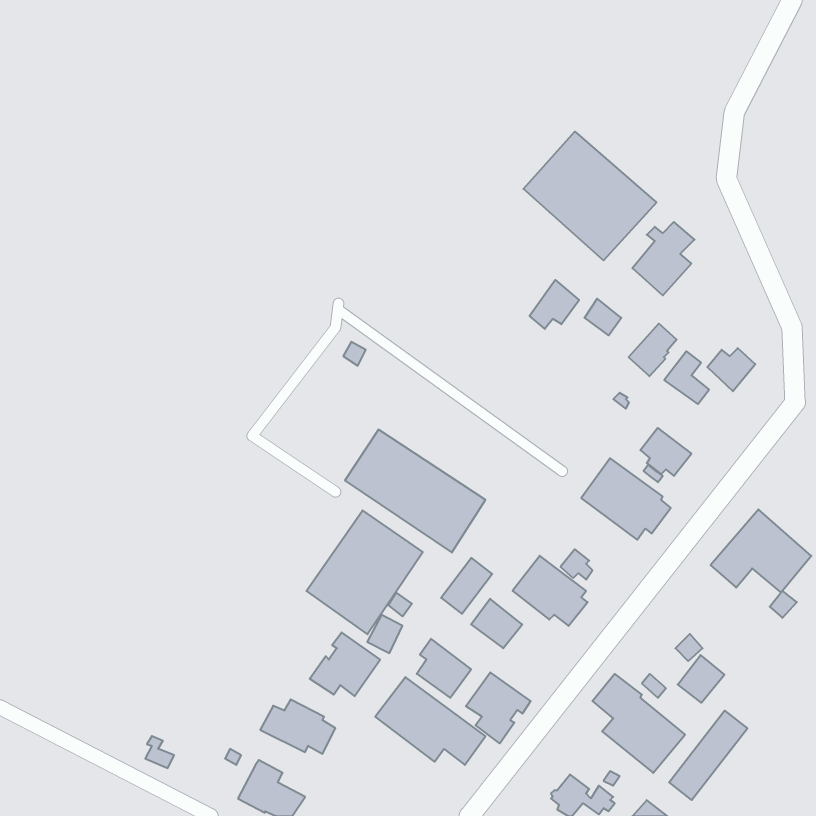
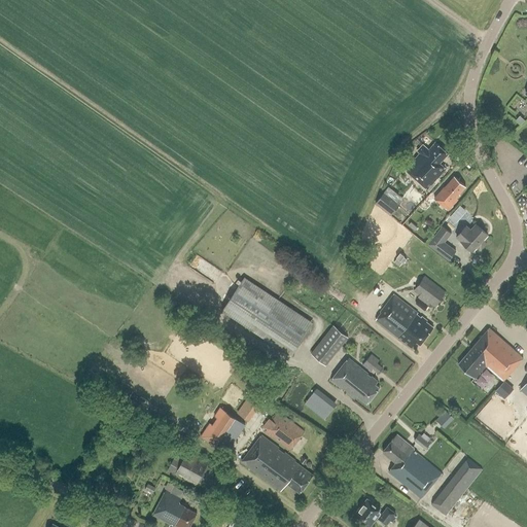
building: [523,132,656,260] -> none
building: [530,280,579,329] -> none
building: [629,324,677,376] -> [434,177,465,211]
building: [306,510,423,634] -> none
building: [441,558,492,614] -> [313,328,346,364]
building: [678,655,724,703] -> none
building: [466,672,531,743] -> none

